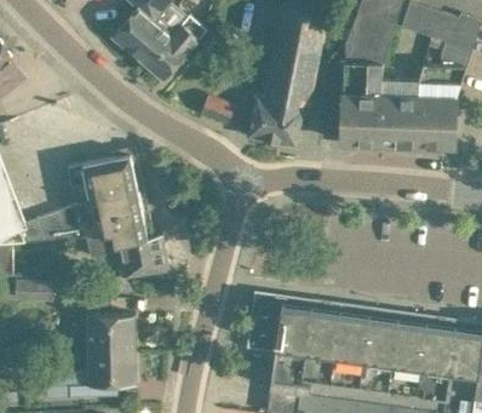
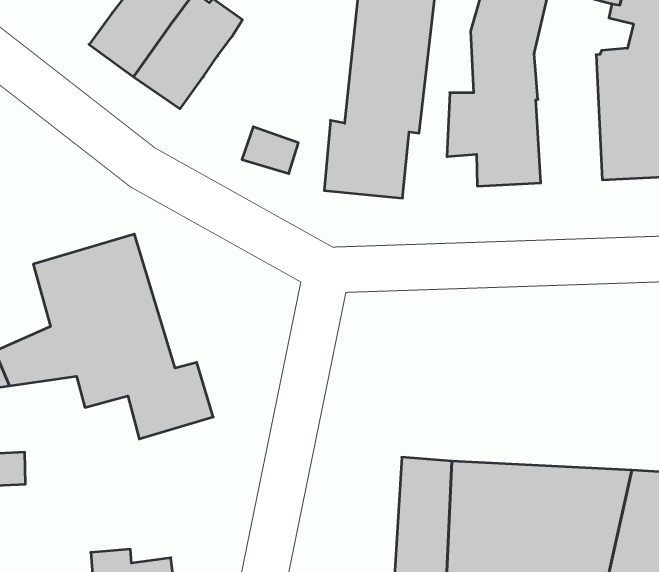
building: [380,68,420,144] -> none
building: [87,314,137,354] -> none

